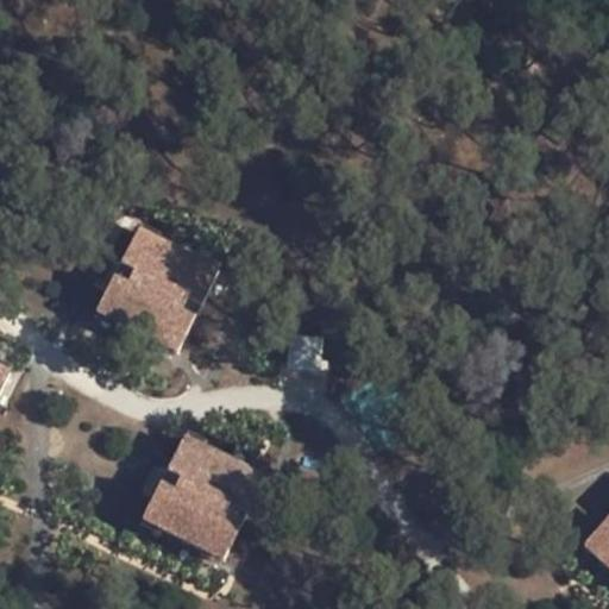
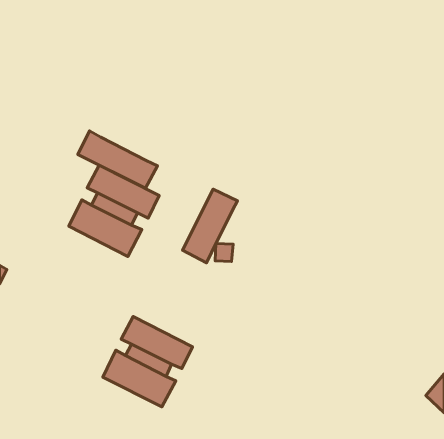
building: none -> [78,131,157,188]
building: none -> [182,189,238,263]

